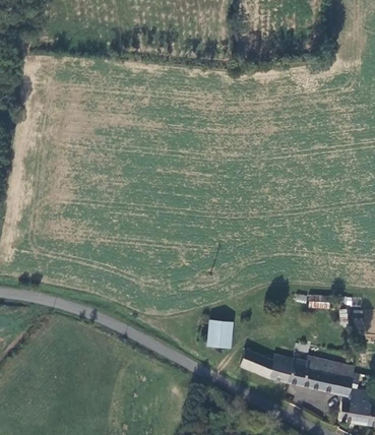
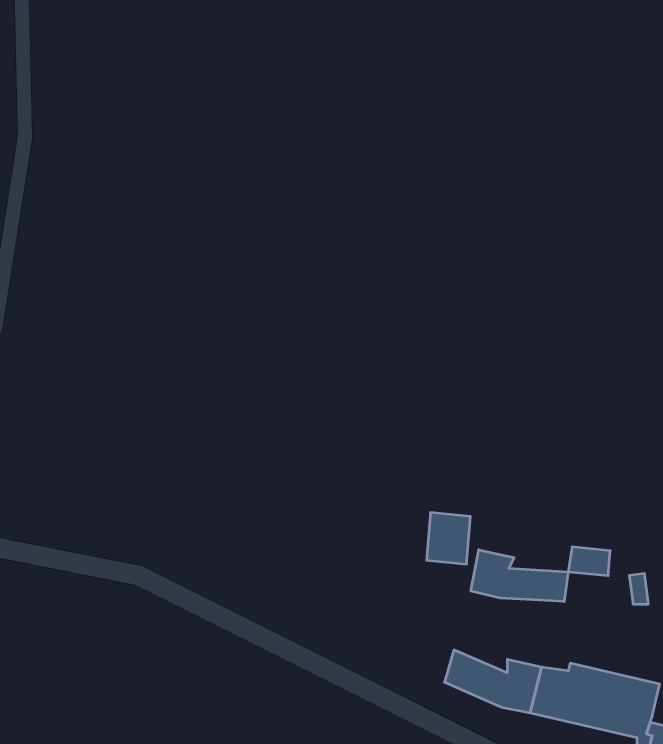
building: none -> [471,550,568,602]
building: [208,321,232,349] -> [427,513,470,564]

